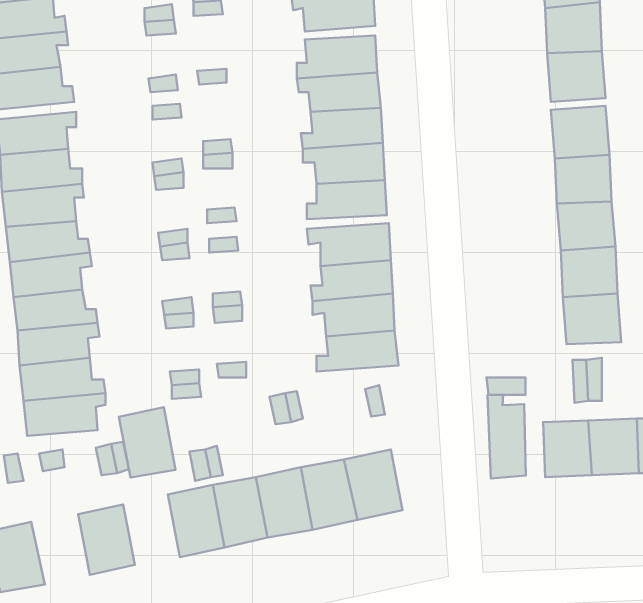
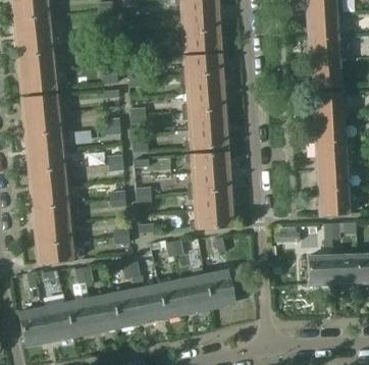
building: [487,395,526,478] -> none
building: [119,407,175,477] -> [89,294,118,330]
building: none -> [41,304,71,341]

